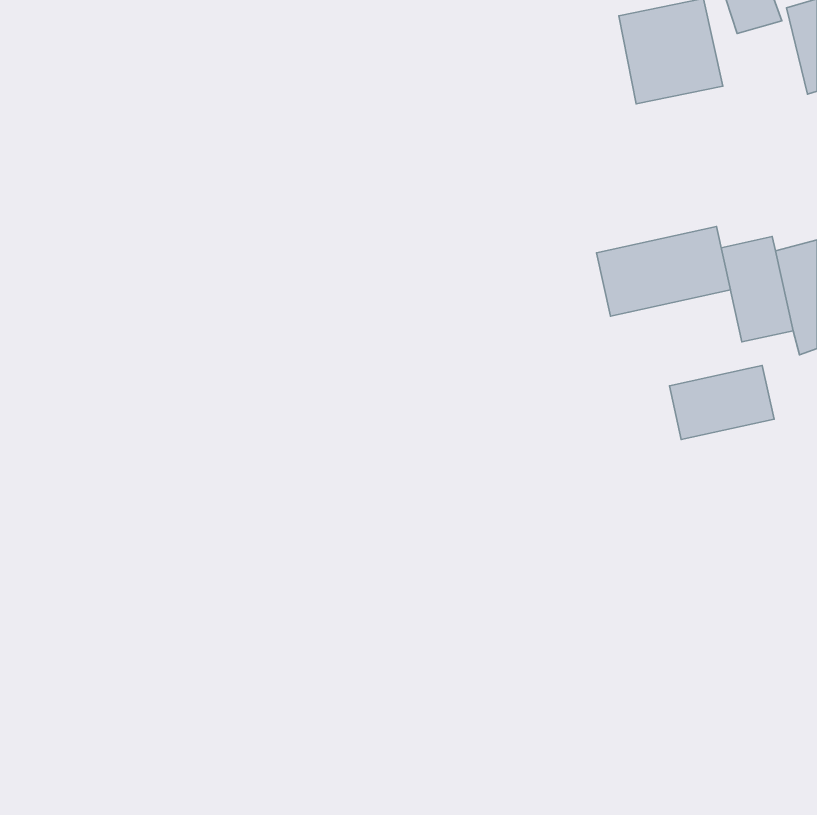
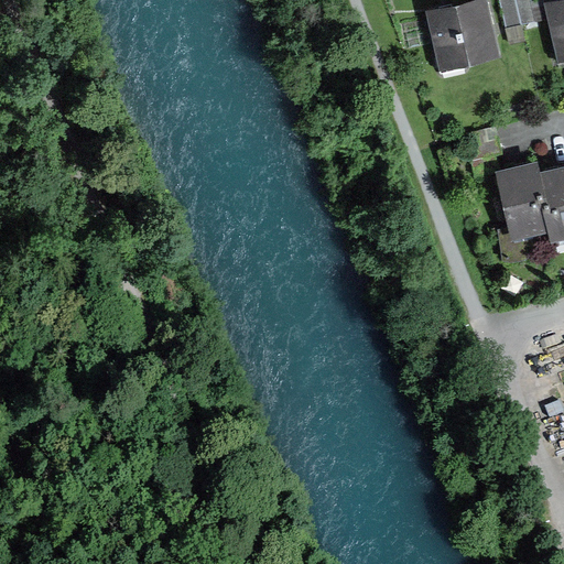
building: [597,227,730,316] -> none
building: [669,366,774,440] -> none

